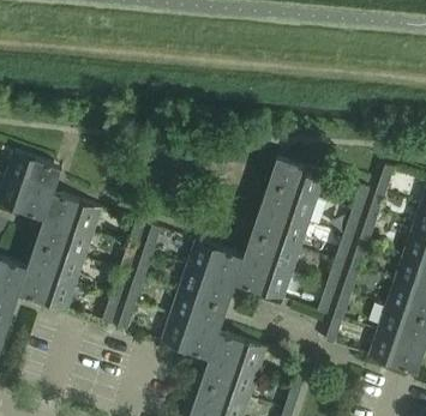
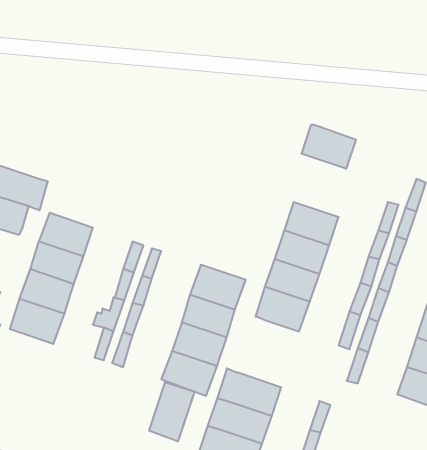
building: [276,163,324,201] -> [301,125,356,169]
building: none -> [149,382,194,441]

